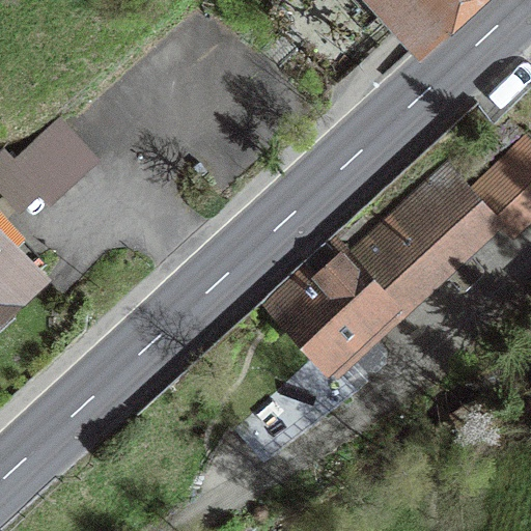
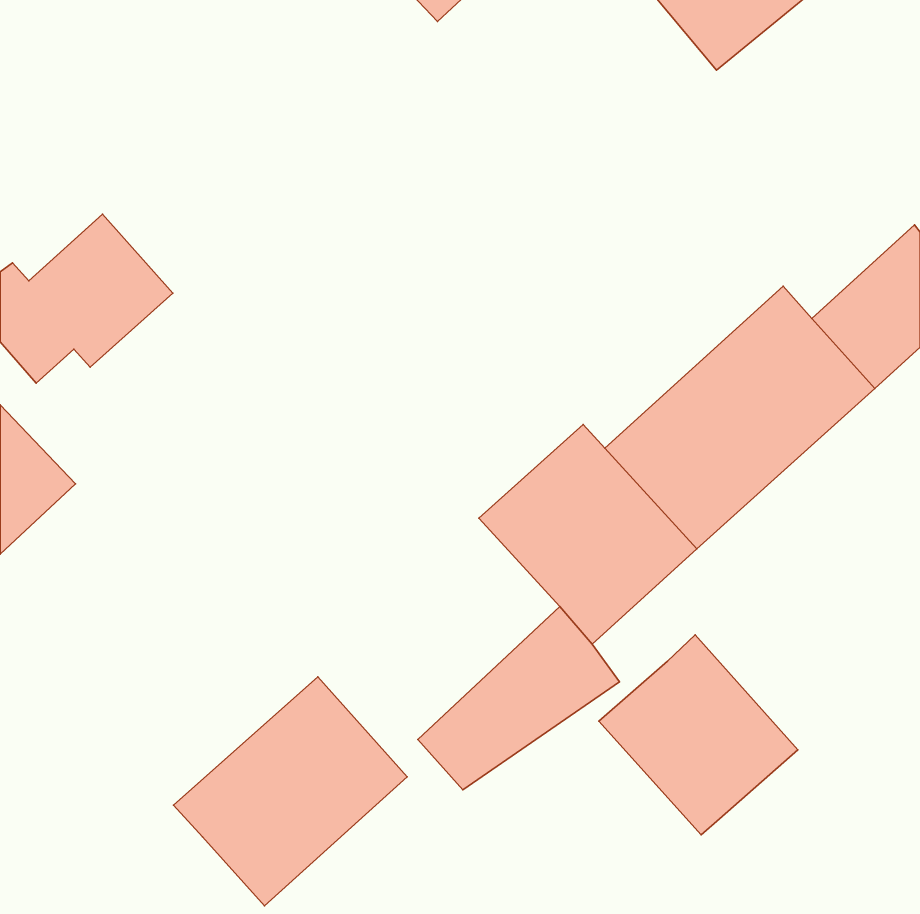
building: none -> [599,635,798,835]
building: none -> [174,677,407,906]

